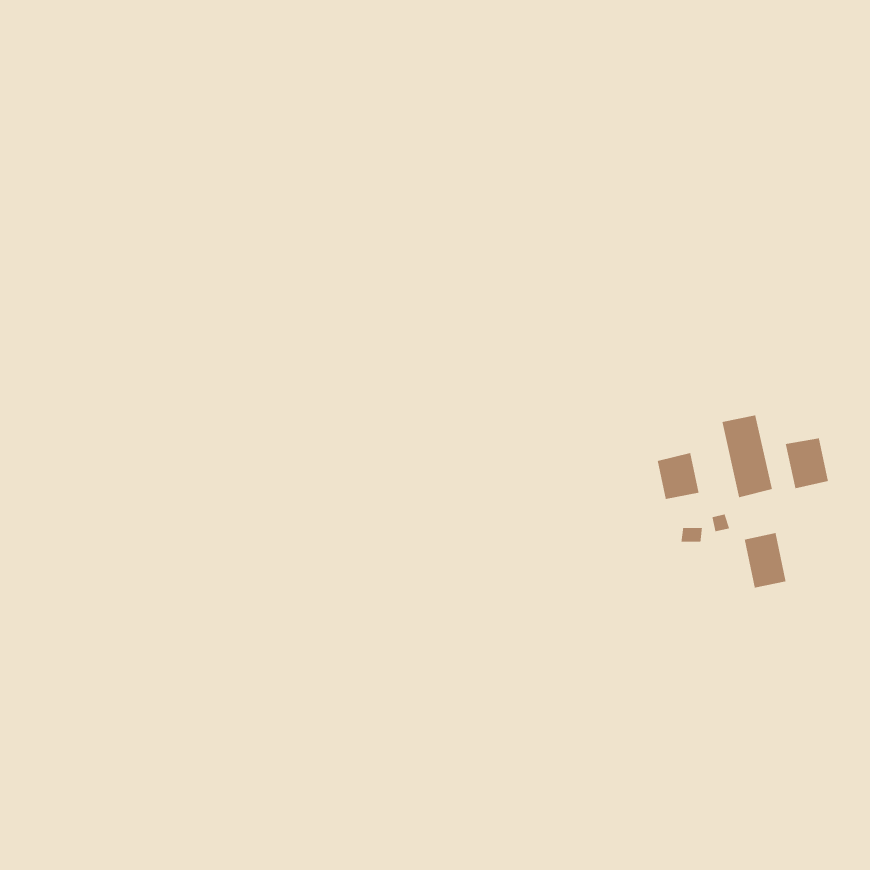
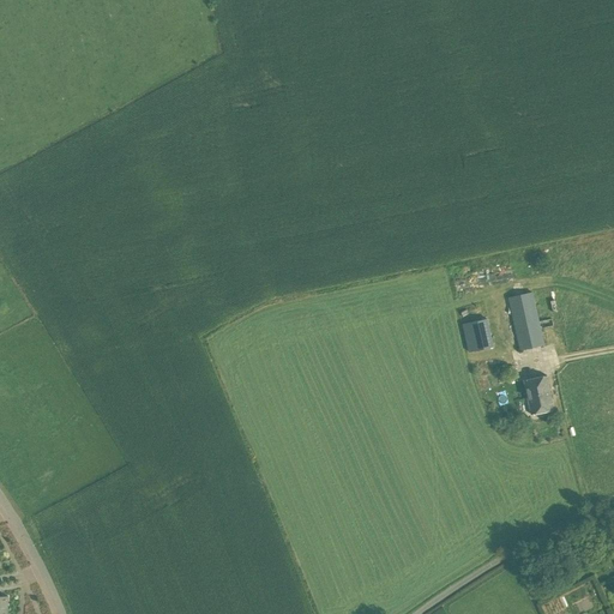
building: [785,437,829,489] -> none

